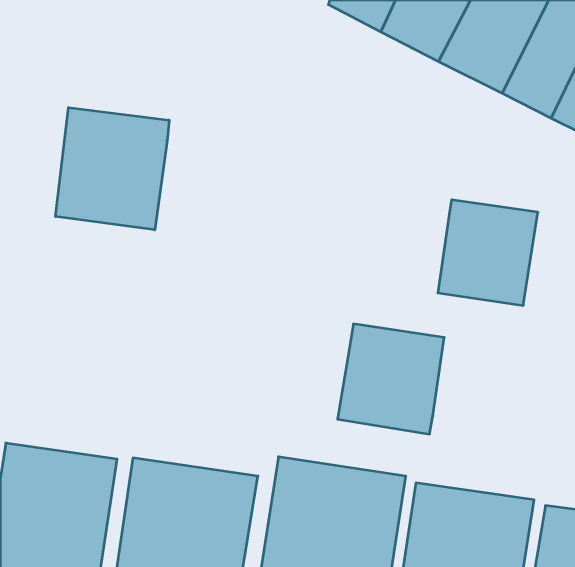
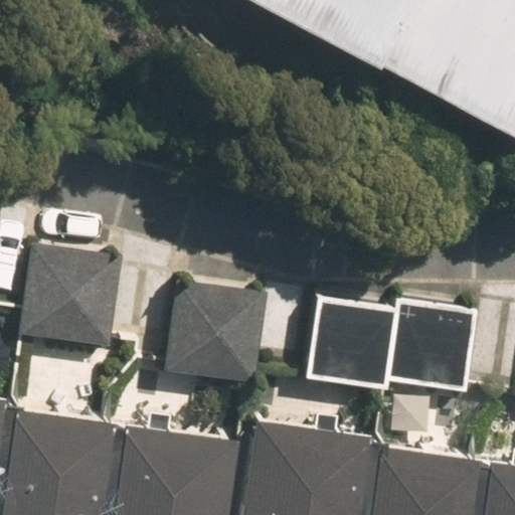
building: [56,108,169,230] -> none
building: [438,200,538,305] -> [388,298,477,391]
building: none -> [20,247,120,347]
building: none -> [162,282,265,389]

